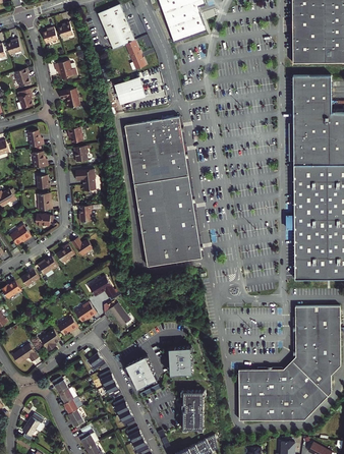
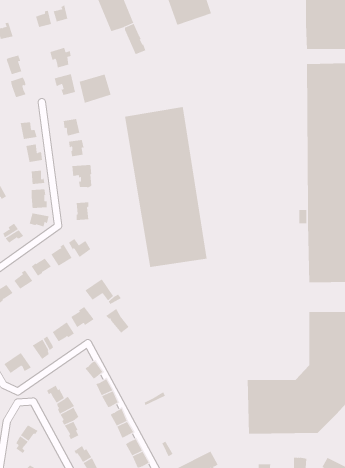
building: [114,76,145,104] -> [79,74,112,103]
building: [169,347,191,373] -> none
building: [127,352,159,385] -> none
building: [182,389,202,427] -> none

